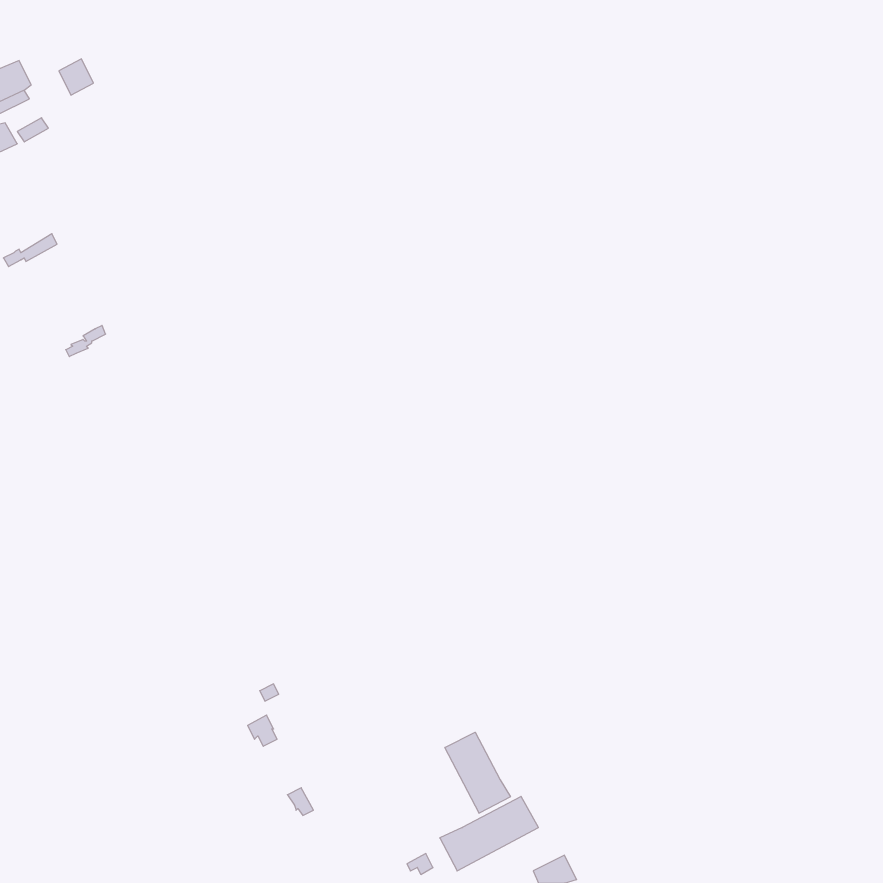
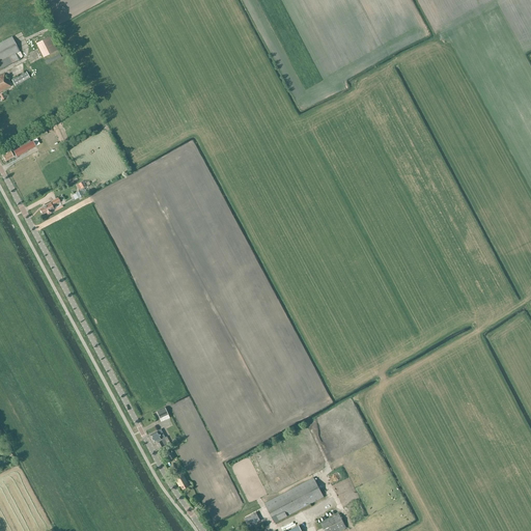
building: [445,732,510,813] -> none

